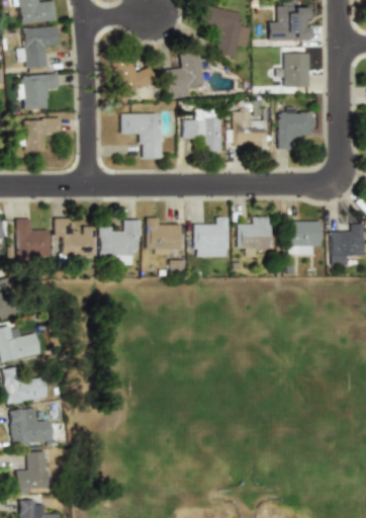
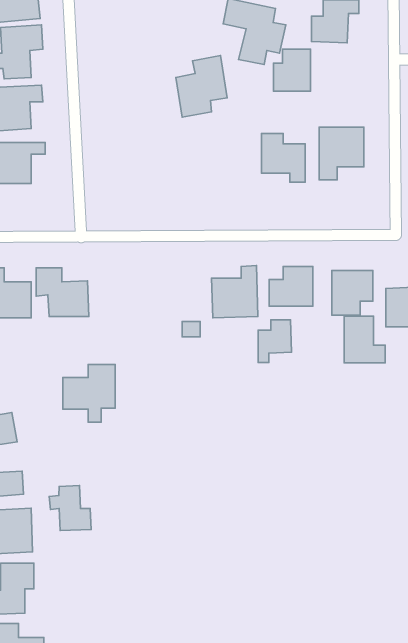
building: [281,54,310,87] -> [274,49,311,91]
building: [115,58,155,94] -> none
building: [182,110,221,153] -> none
building: [120,114,162,159] -> none
building: [100,220,142,265] -> [63,365,115,422]
building: [148,221,181,254] -> none
building: none -> [344,316,385,363]
building: none -> [258,320,291,362]
building: none -> [49,486,91,530]

